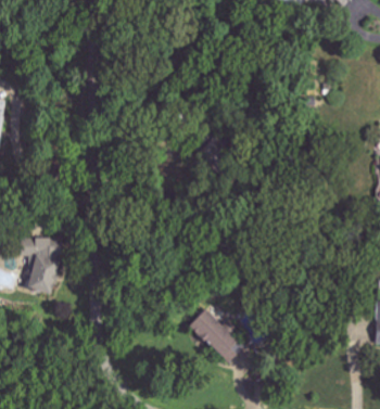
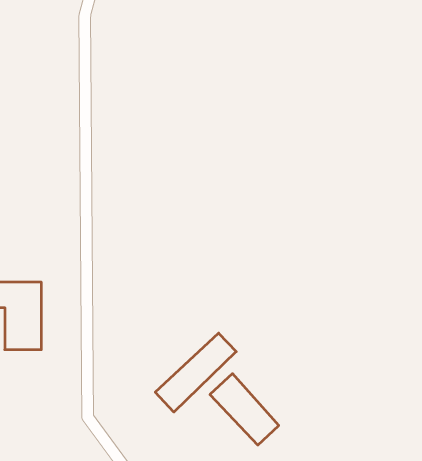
building: none -> [155,333,236,412]

